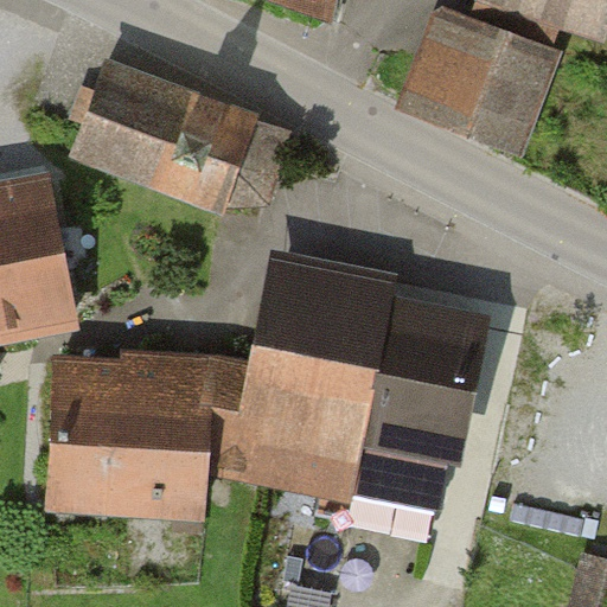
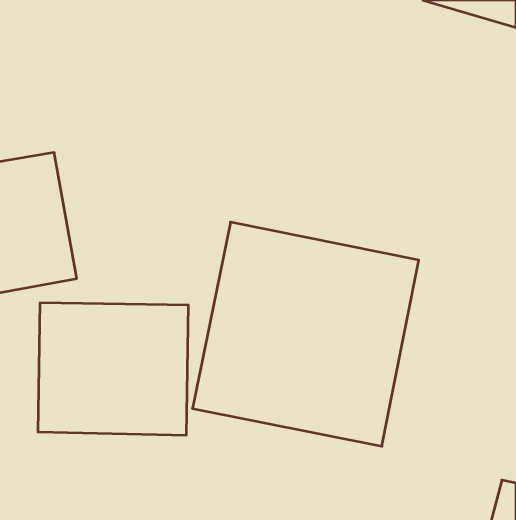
building: [416,13,566,151] -> none
building: [57,53,283,209] -> none

